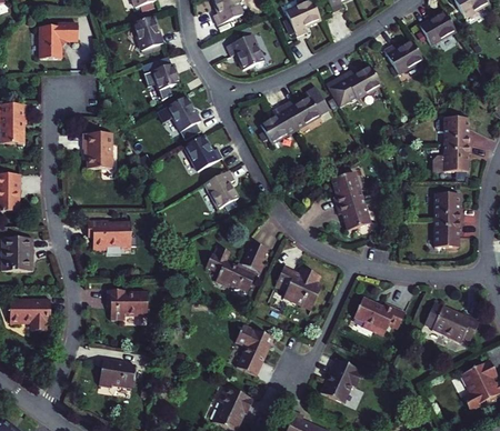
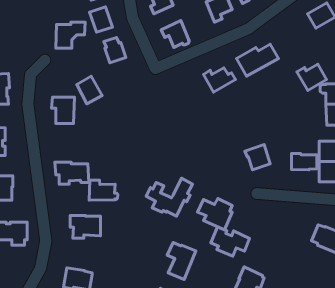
building: [39,24,78,59] -> [56,22,85,48]
building: [383,40,422,74] -> [297,64,326,90]
building: [167,96,200,132] -> [77,76,102,104]
building: [258,106,296,143] -> none
building: [183,136,221,171] -> none
building: [204,170,238,209] -> none
building: [331,172,362,207] -> none
building: none -> [291,153,317,170]
building: none -> [89,180,118,200]
building: [353,297,404,335] -> [211,227,250,256]

